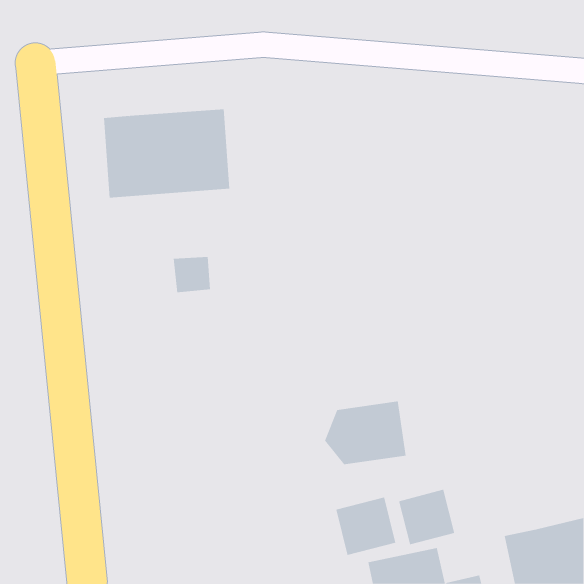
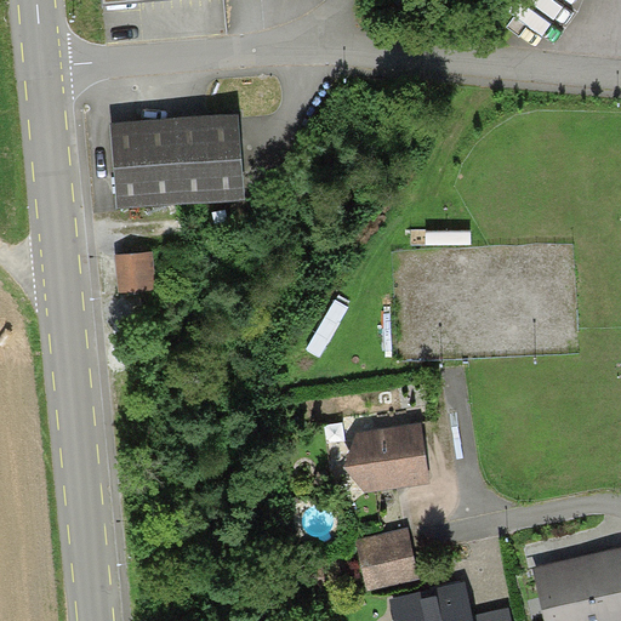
building: [173,256,211,293] -> [115,253,155,292]
building: [398,489,455,545] -> none

